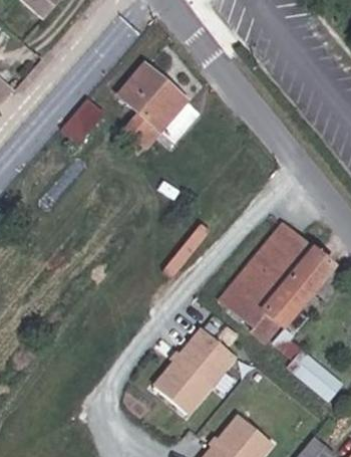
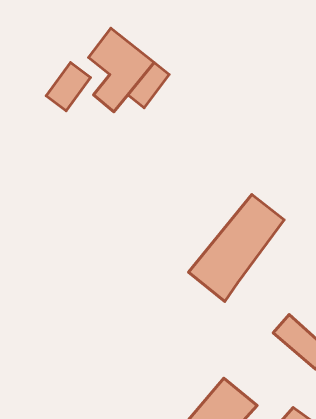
building: [259,253,327,330] -> none
building: [158,324,240,411] -> none

